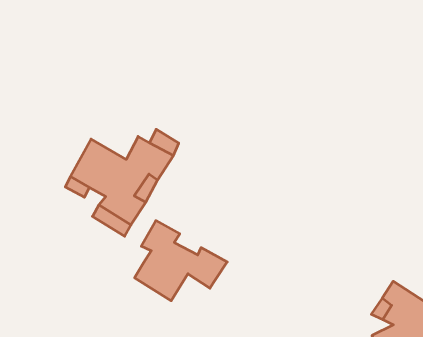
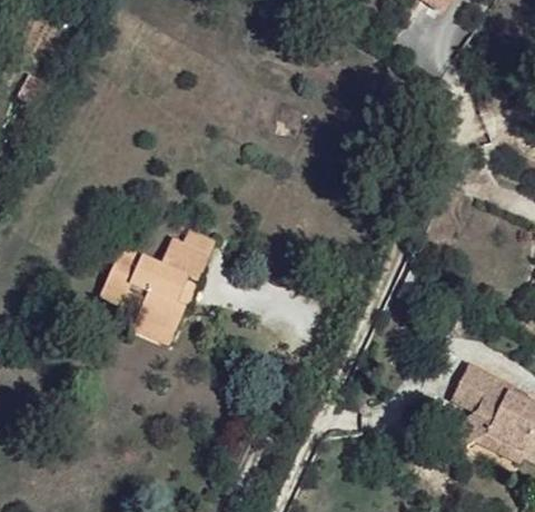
building: [135,221,227,301] -> none

